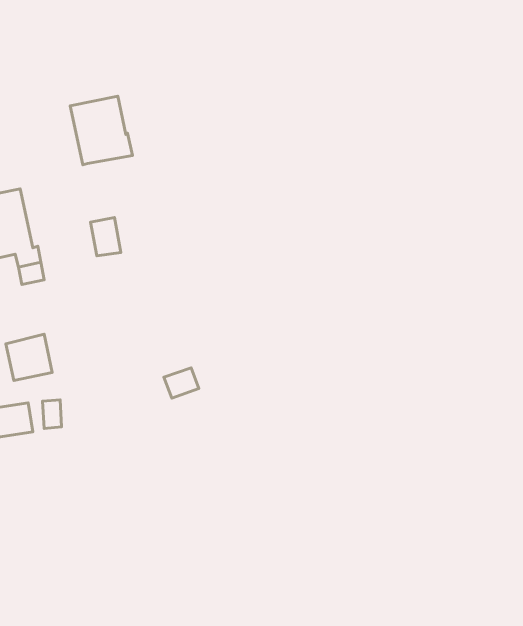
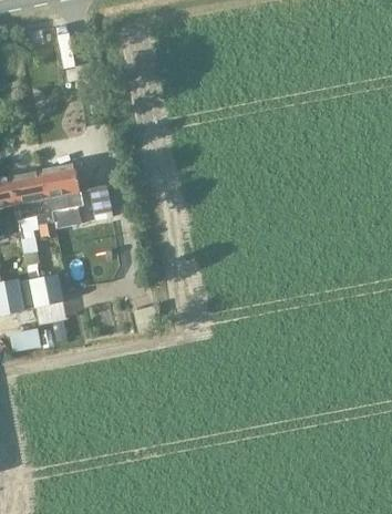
building: [70,96,132,165] -> [39,165,82,213]

